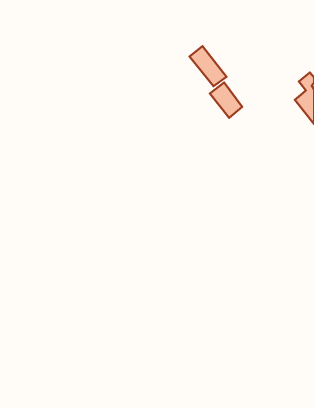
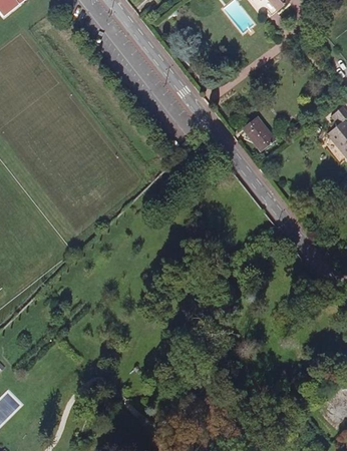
building: [189,46,226,86] -> none

